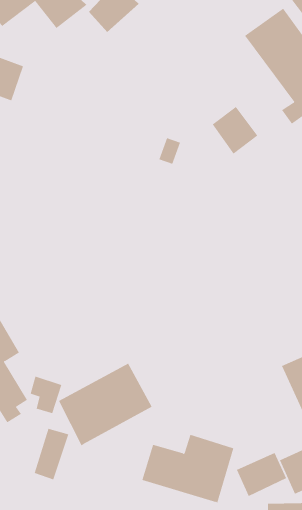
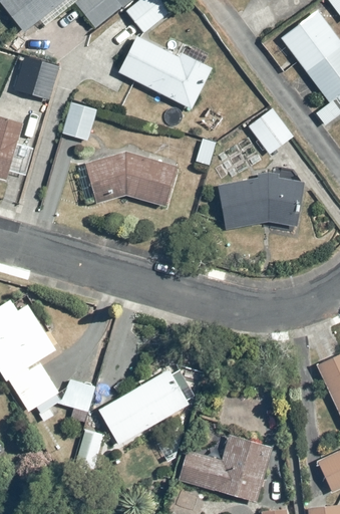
building: none -> [115,34,215,110]
building: none -> [61,99,97,141]
building: none -> [84,153,177,207]
building: none -> [216,173,304,232]
building: [236,452,287,497] -> none

